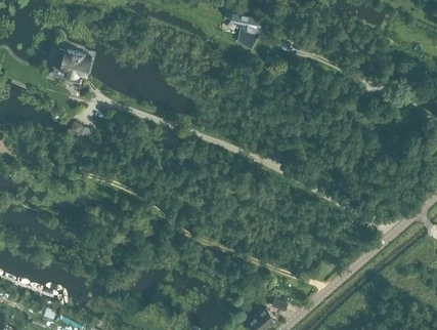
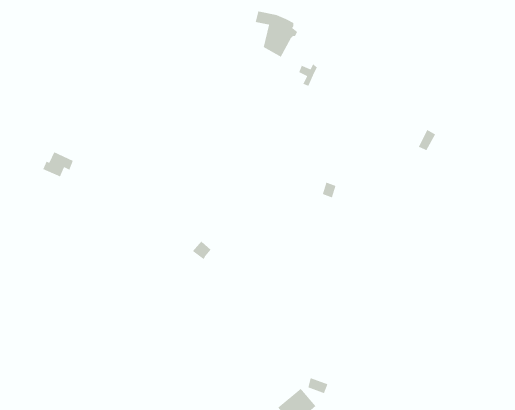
building: [53,47,90,79] -> none

